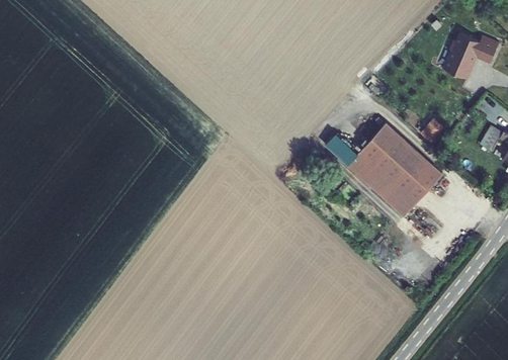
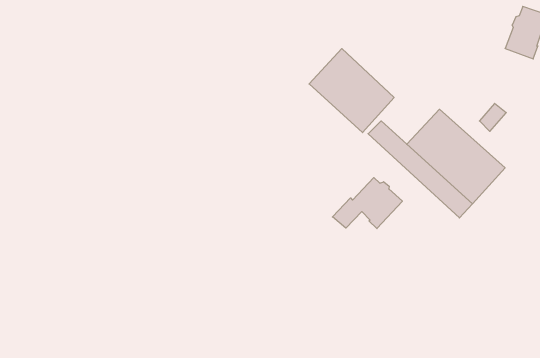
building: none -> [309,49,394,133]
building: none -> [332,178,402,229]

